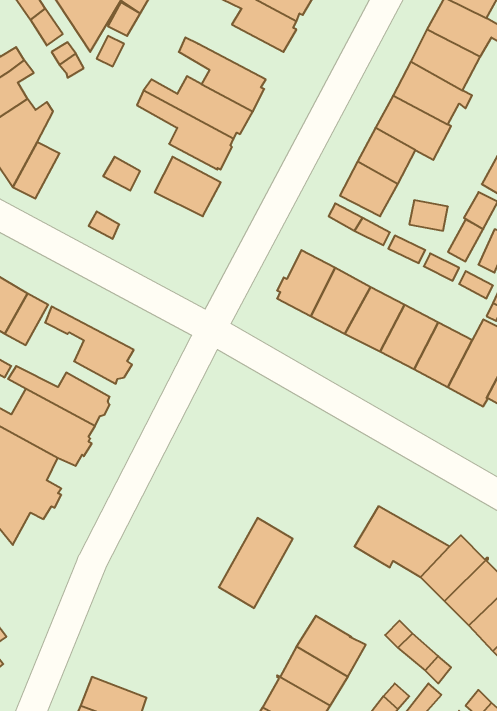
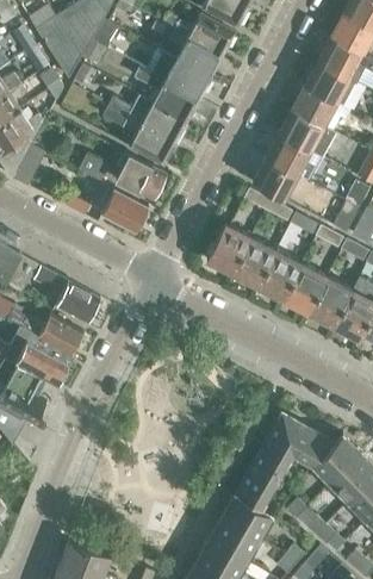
building: none -> [131,49,211,98]
building: none -> [100,186,148,232]
building: [219,518,293,608] -> [235,443,290,510]

